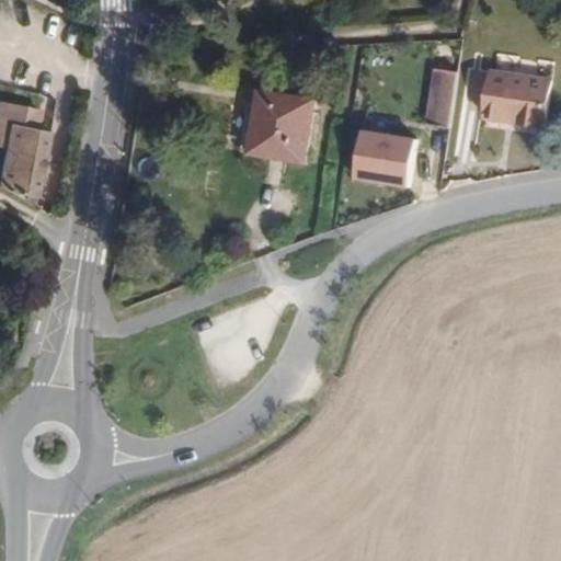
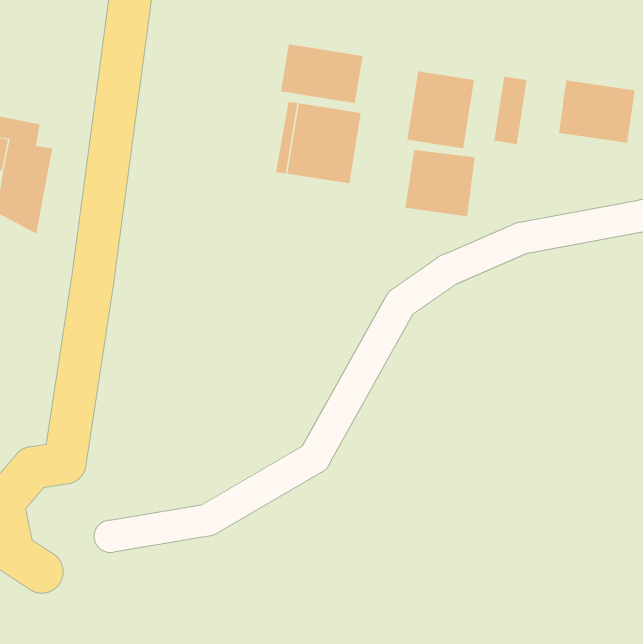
building: none -> [280,44,363,104]
building: none -> [407,70,475,149]

